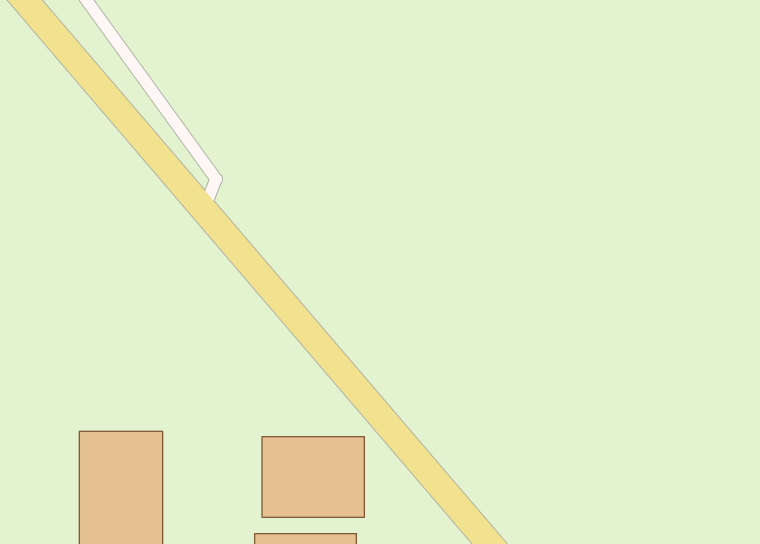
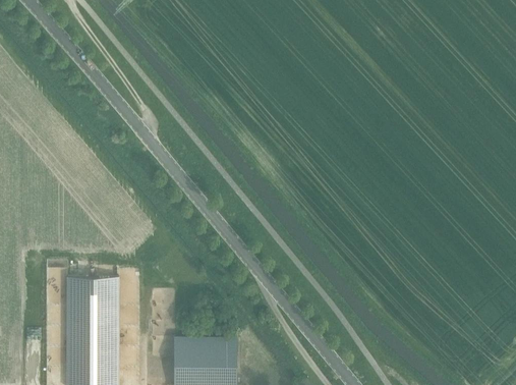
building: [262,437,364,517] -> none

